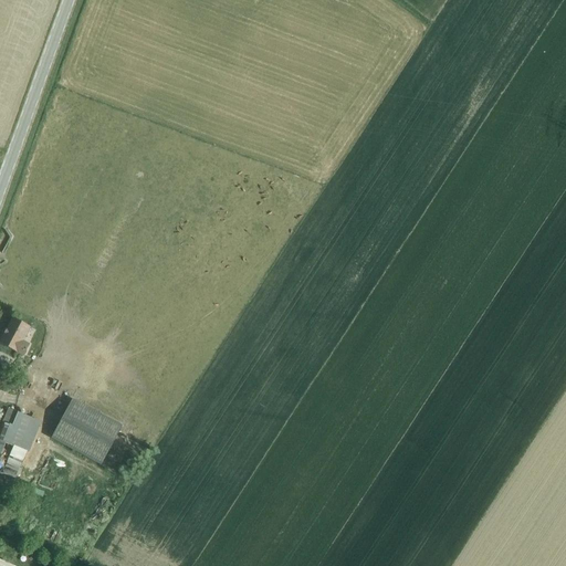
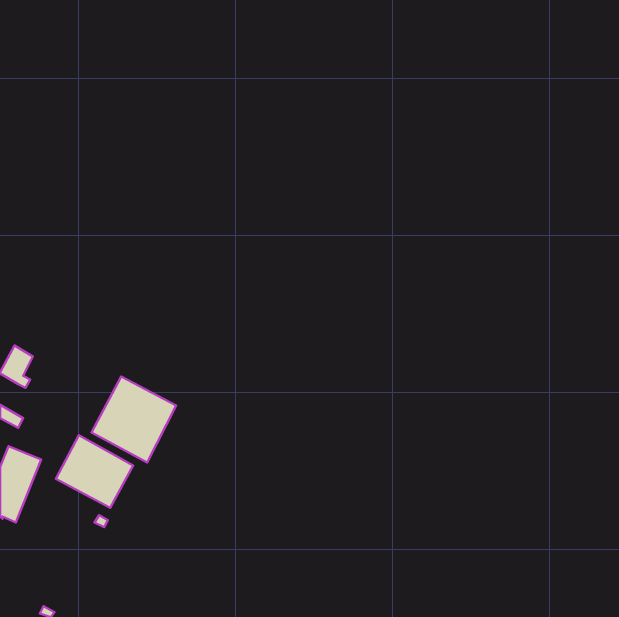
building: none -> [91,376,176,463]

